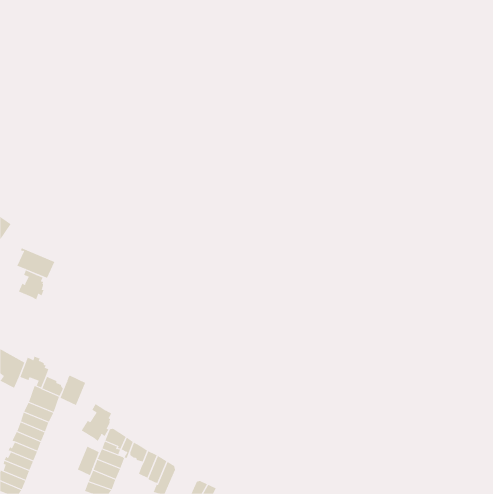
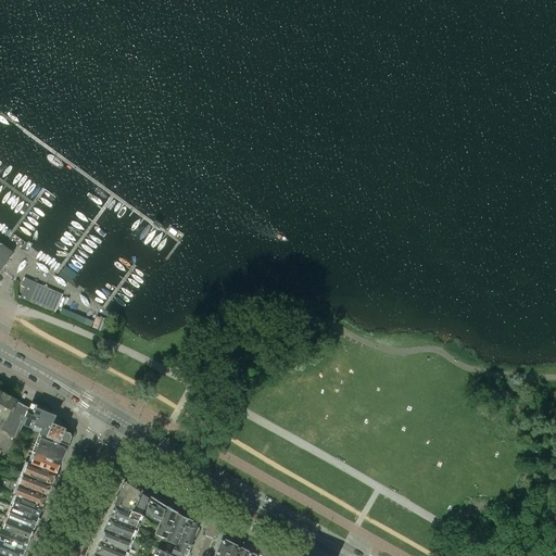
building: [18,269,44,300] -> none
building: [60,375,86,406] -> none
building: [81,403,112,442] -> none
building: [77,446,100,476] -> none

